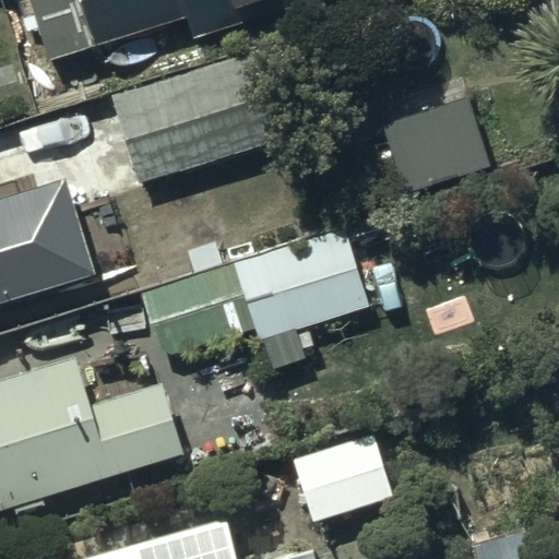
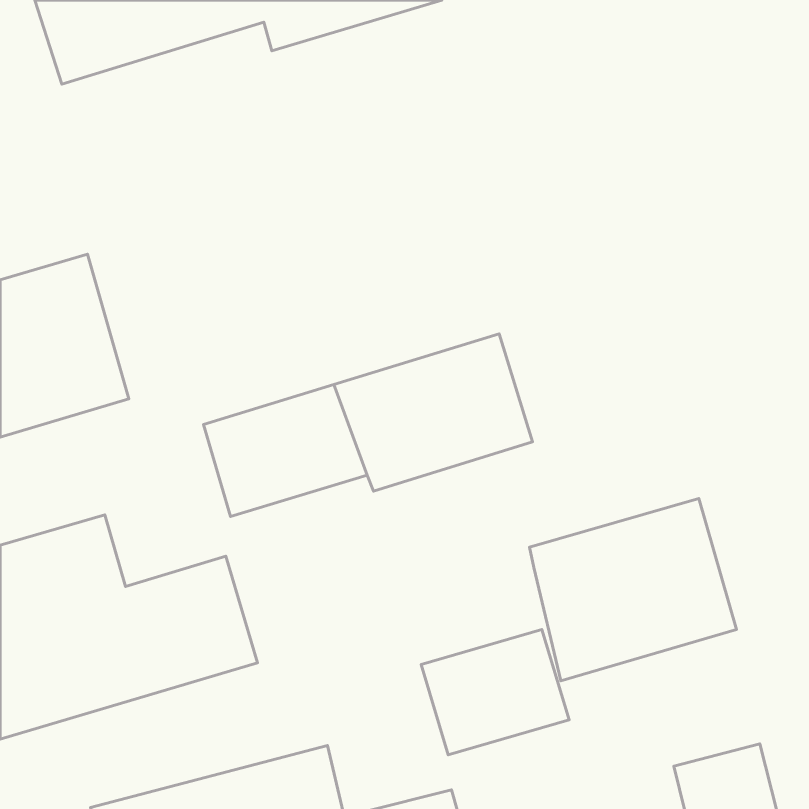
building: [107,49,290,180] -> none
building: [380,96,487,192] -> none
building: none -> [529,499,737,681]

